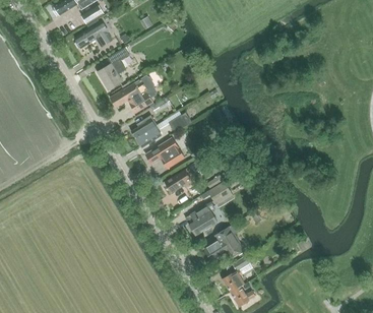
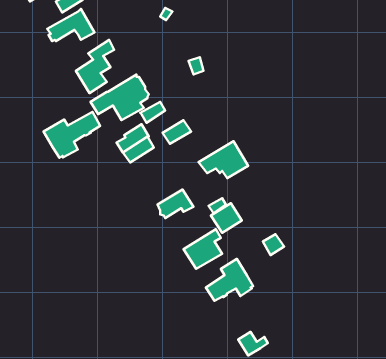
building: none -> [43,112,100,158]
building: [145,137,186,168] -> [199,141,248,178]
building: [223,256,250,293] -> none

